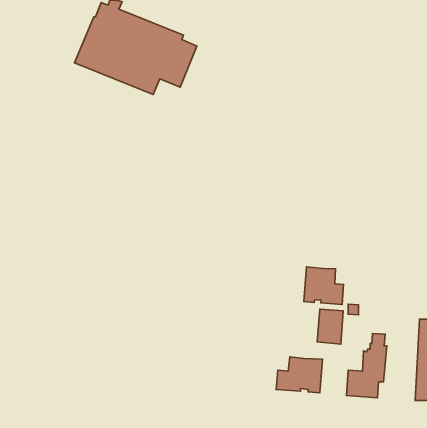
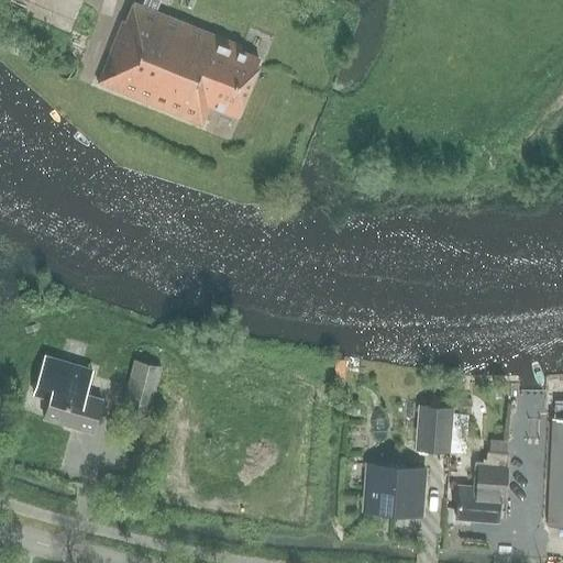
building: [304,267,344,305] -> none
building: none -> [34,356,102,432]
building: none -> [123,361,161,410]

